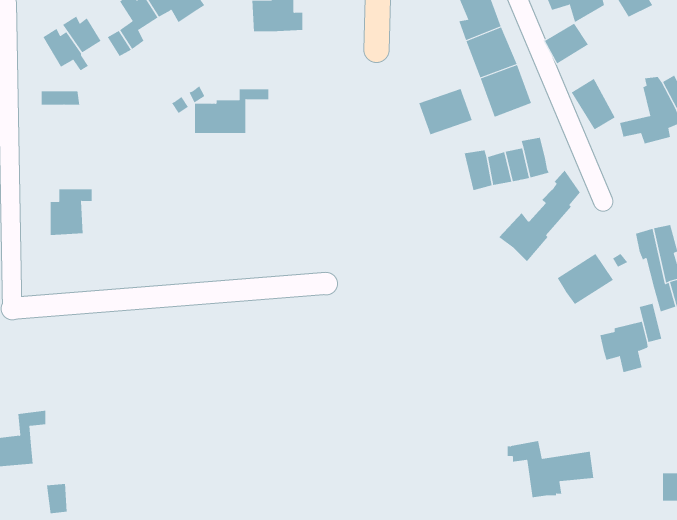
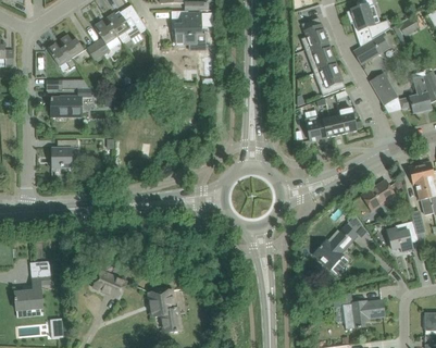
building: [419,88,472,135] -> none
building: [194,89,269,134] -> [51,89,97,116]
building: [499,169,581,262] -> [313,213,363,270]
building: none -> [94,271,127,298]
building: none -> [149,289,182,334]

